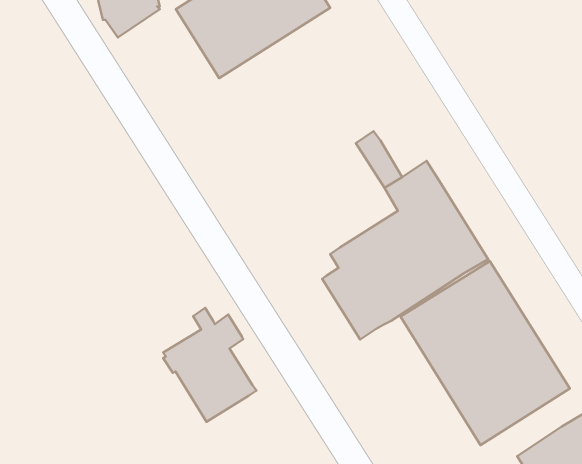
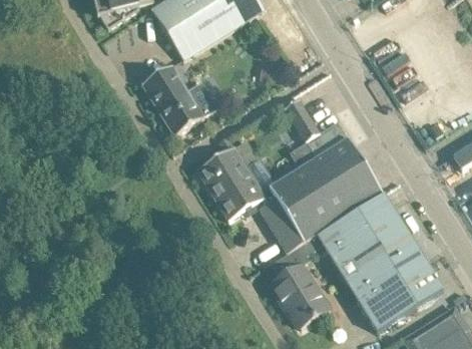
building: none -> [142,64,204,134]
building: [163,308,257,422] -> [196,135,266,220]
building: none -> [270,264,330,332]

